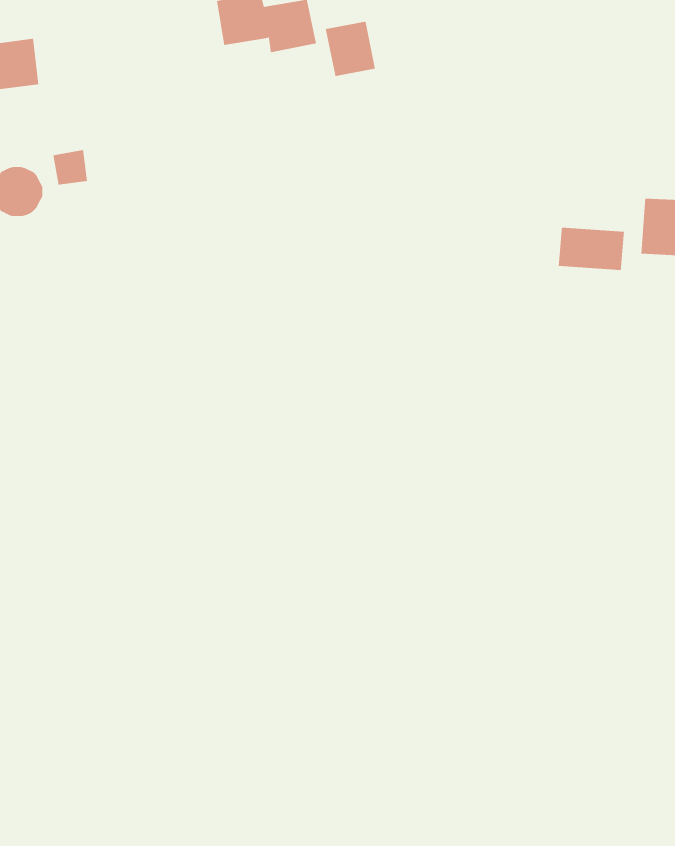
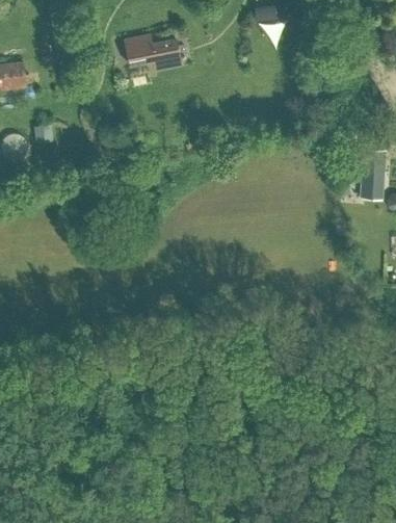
building: [325,21,375,77] -> none
building: [558,227,625,271] -> none

